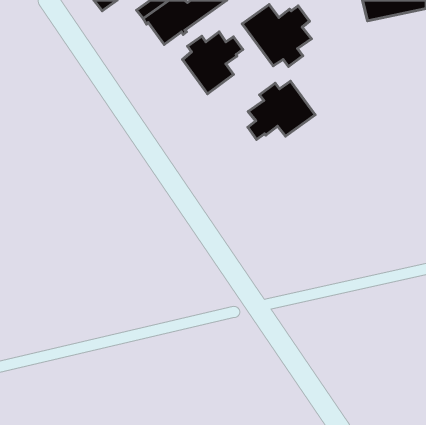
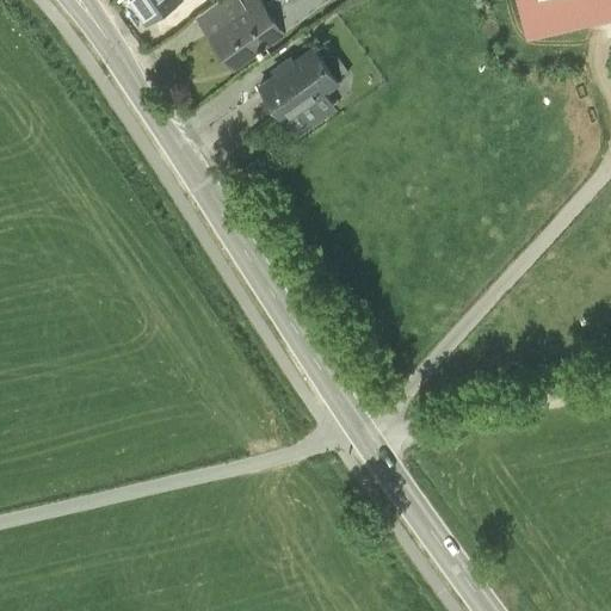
building: [242,5,311,67] -> none
building: [248,81,315,139] -> none

